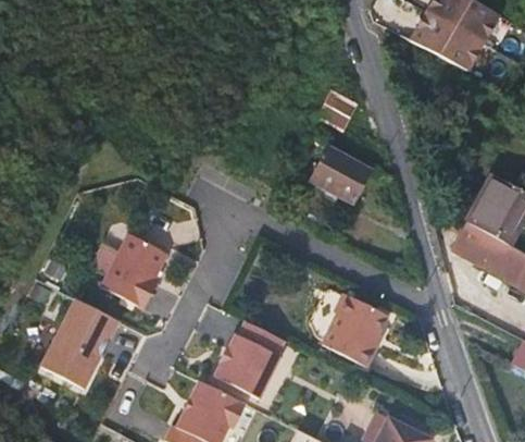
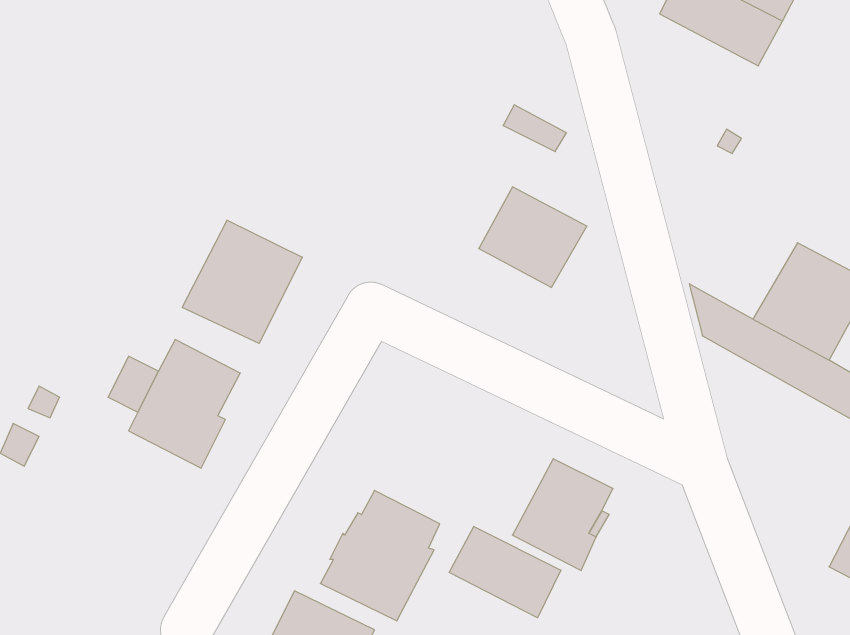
building: none -> [182,220,302,343]
building: [41,298,118,388] -> none
building: none -> [449,526,561,618]

